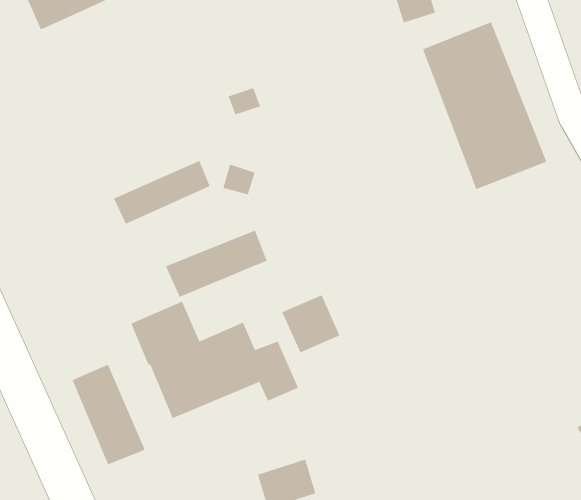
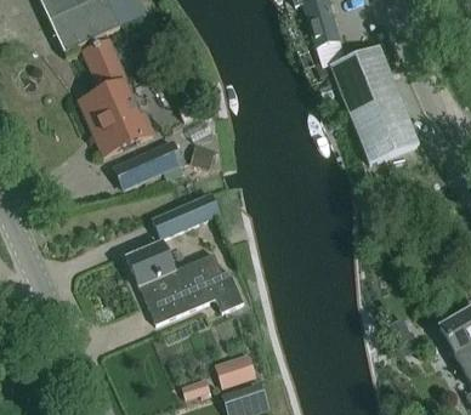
building: none -> [85,40,154,155]
building: [282,294,340,353] -> none
building: [72,364,146,465] -> none

